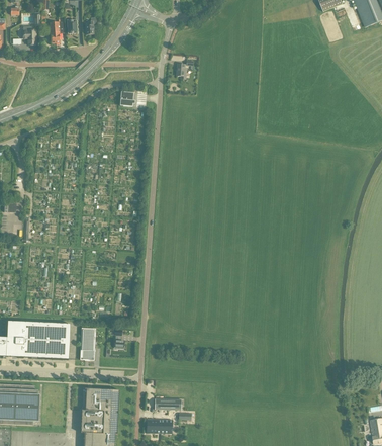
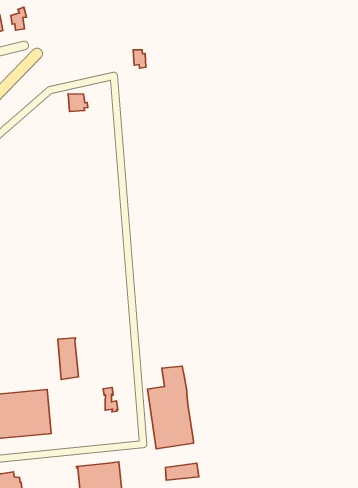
building: none -> [147,366,194,449]
building: [79,327,95,359] -> [58,338,79,379]

